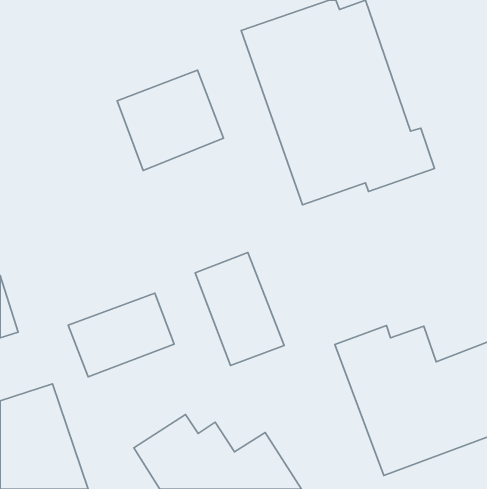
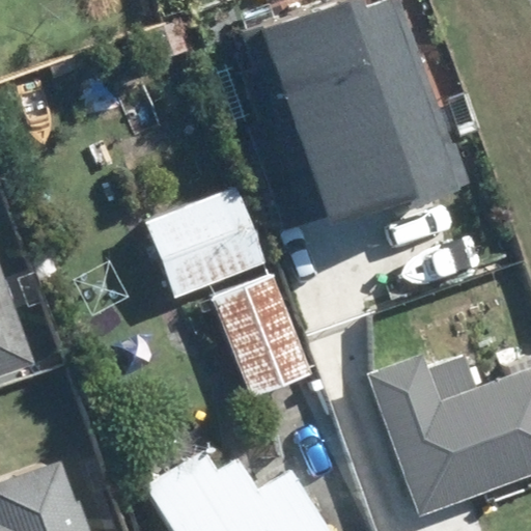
building: [117,70,223,171] -> [148,188,263,297]
building: [68,293,174,377] -> none

